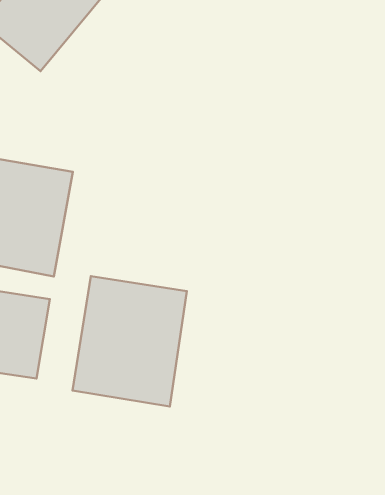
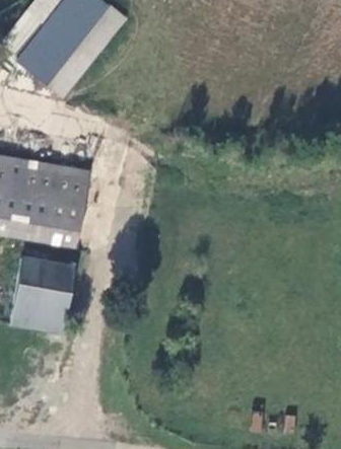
building: [72,276,187,406] -> none

